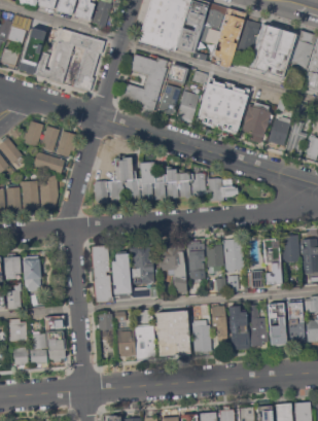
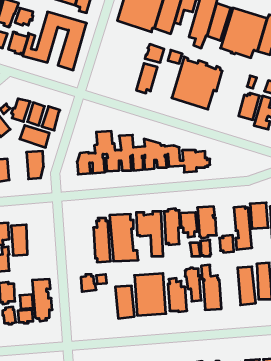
building: [121,54,166,110] -> none
building: [175,90,199,121] -> none
building: [241,101,273,142] -> none
building: [21,179,39,209] -> none
building: [92,245,111,302] -> none
building: [248,304,267,346] -> none
building: [116,327,135,356] -> none

